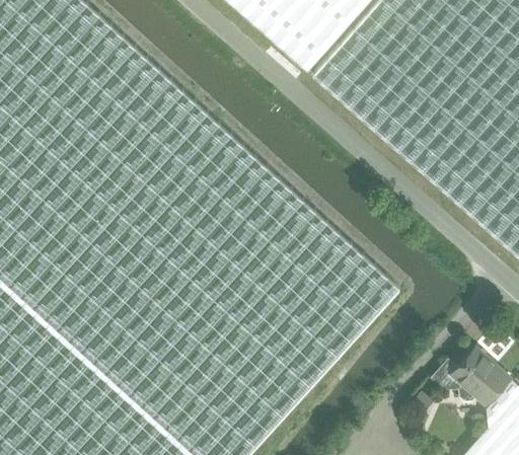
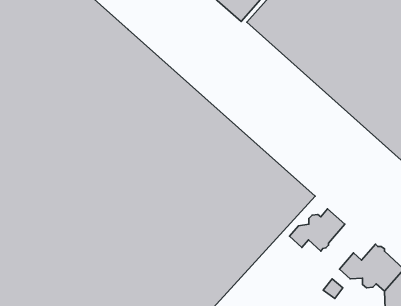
building: none -> [290,209,345,251]

